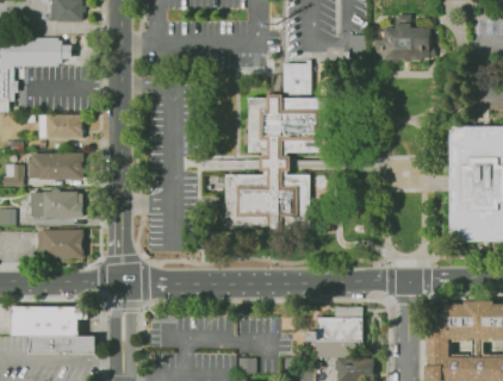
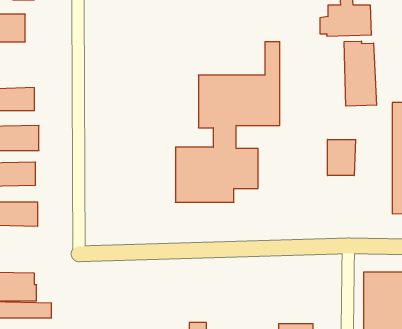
building: [285,64,311,96] -> none
building: none -> [344,41,376,106]
building: none -> [328,139,356,176]
building: [308,306,360,356] -> none

